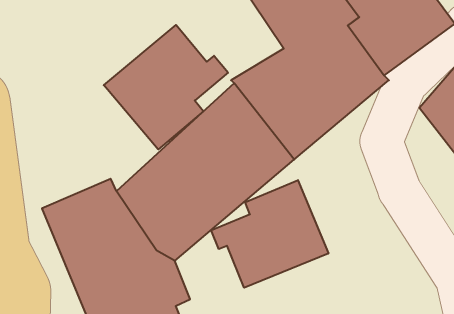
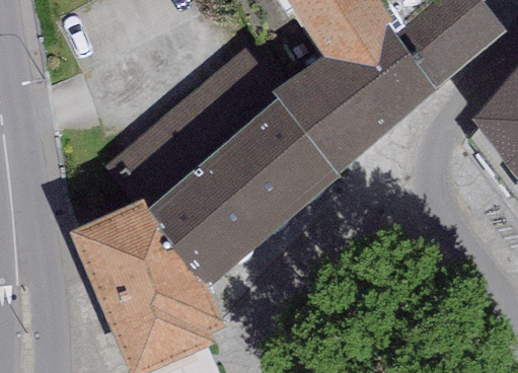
building: [104,25,228,149] -> none
building: [211,180,328,288] -> none

